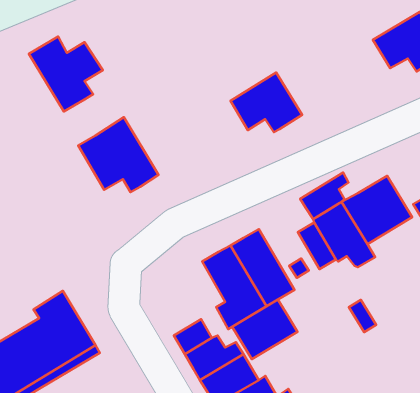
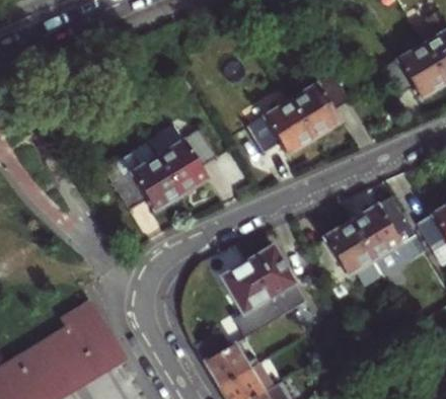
building: [29,37,103,112] -> [148,124,217,193]
building: none -> [290,72,350,138]
building: [300,172,349,219] -> none
building: [232,300,297,359] -> none

